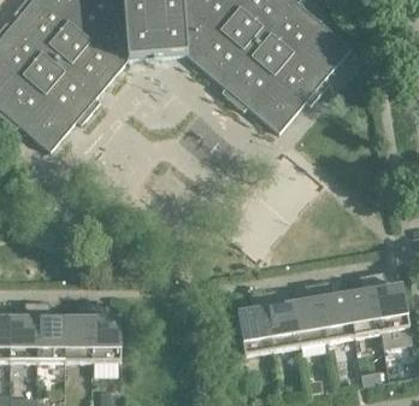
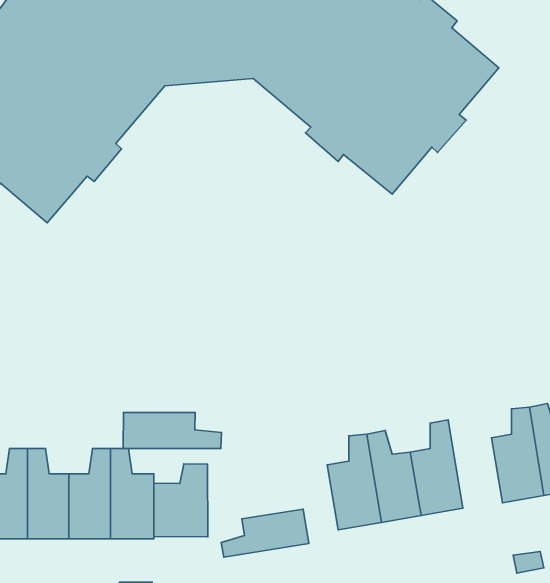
building: none -> [123,412,221,449]
building: [318,281,354,342] -> none
building: none -> [154,464,208,537]
building: none -> [221,509,309,557]

